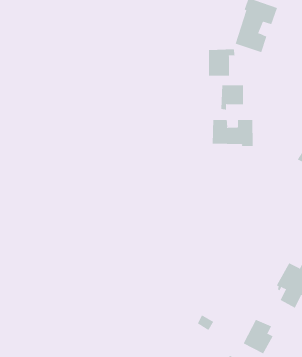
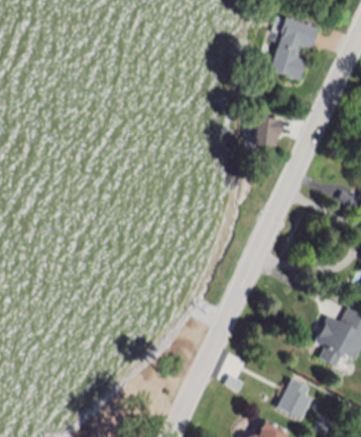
building: [208,48,235,77] -> none
building: [212,119,253,147] -> none

